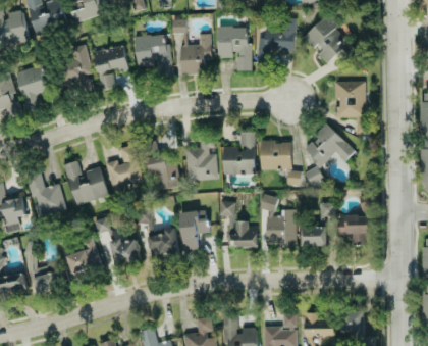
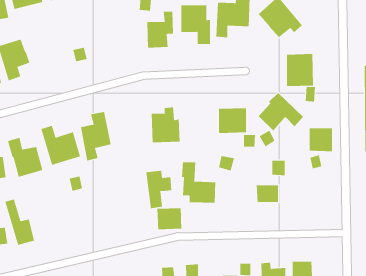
building: [135,34,173,78] -> none
building: [63,44,93,94] -> none
building: [94,45,128,72] -> none
building: [223,132,256,175] -> none
building: [145,155,181,190] -> none
building: [268,209,297,249] -> none
building: [341,215,368,242] -> [309,128,333,152]
building: [149,231,177,255] -> [156,208,182,230]
building: [110,237,140,264] -> none
building: [66,245,103,279] -> none

